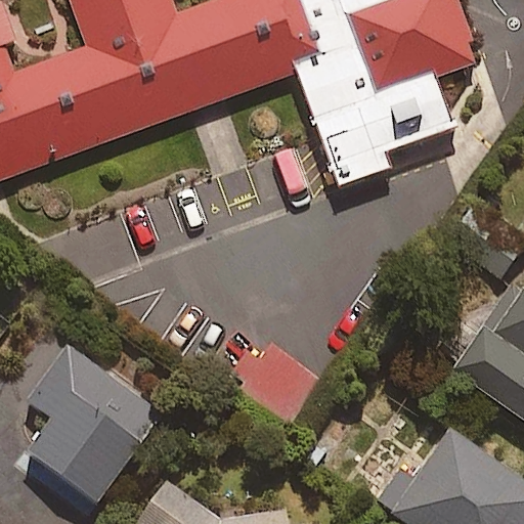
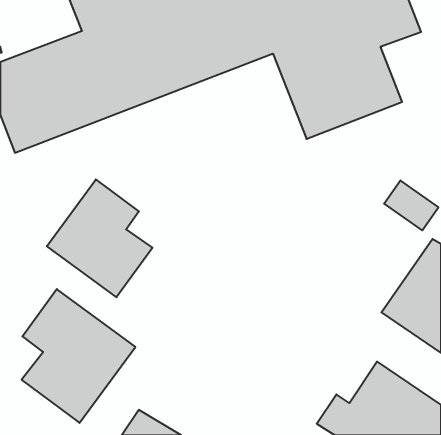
building: none -> [47,179,152,297]

